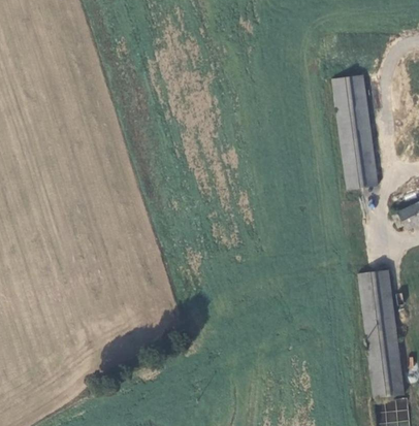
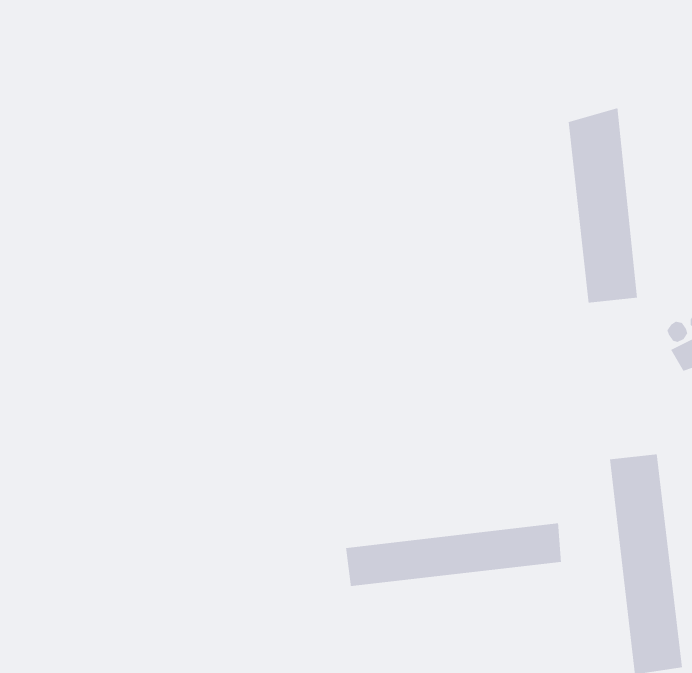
building: none -> [346,523,562,587]

